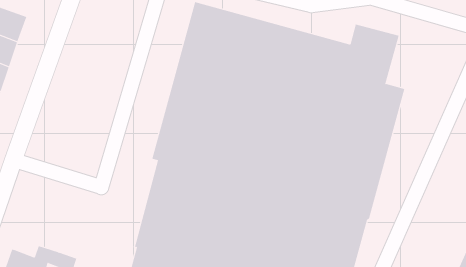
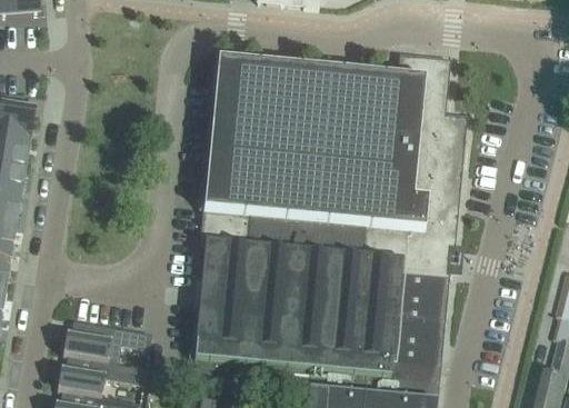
building: none -> [63,322,152,362]

